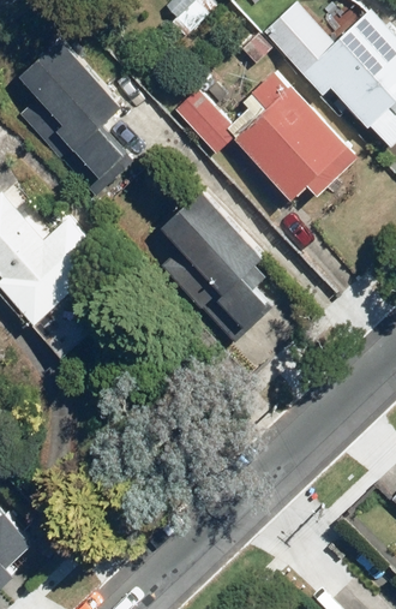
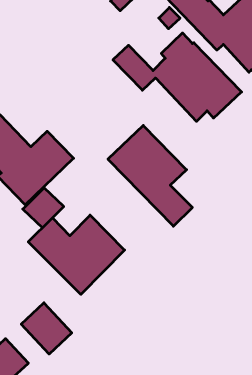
building: [12,61,127,204] -> none
building: none -> [28,215,125,294]
building: none -> [21,303,72,354]

